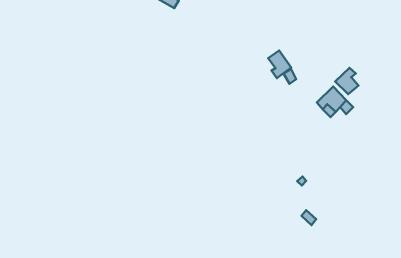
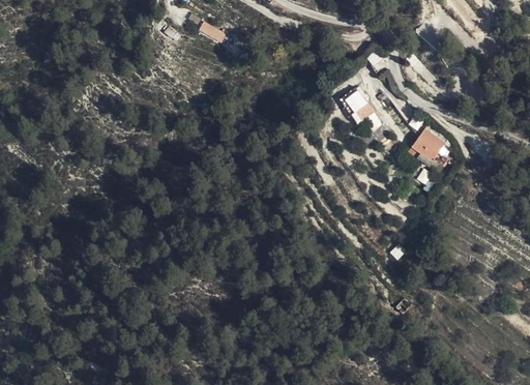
building: [335,68,358,94] -> none

